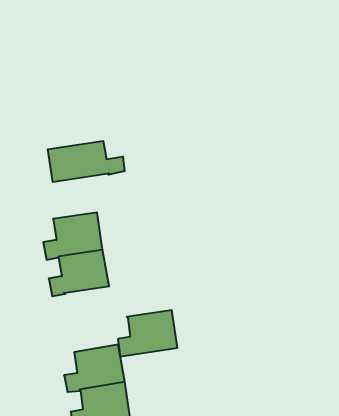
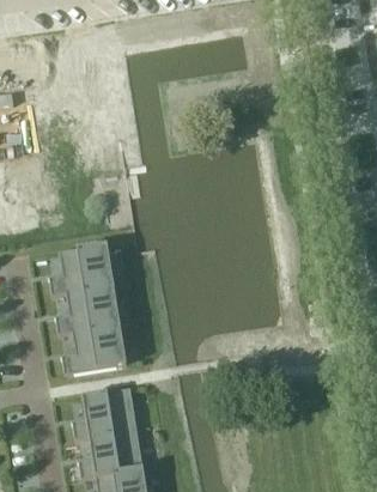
building: [48,141,125,182] -> none
building: [118,310,177,357] -> [61,323,126,373]

